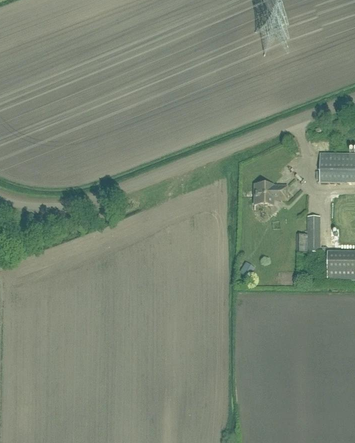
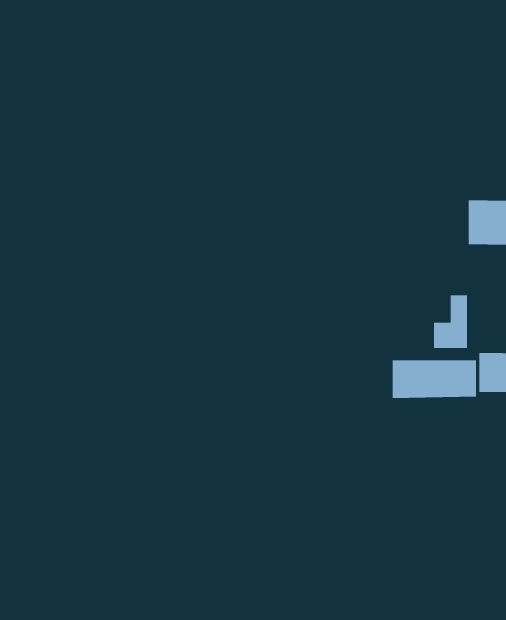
building: [254,182,286,202] -> none
building: none -> [392,359,477,399]

